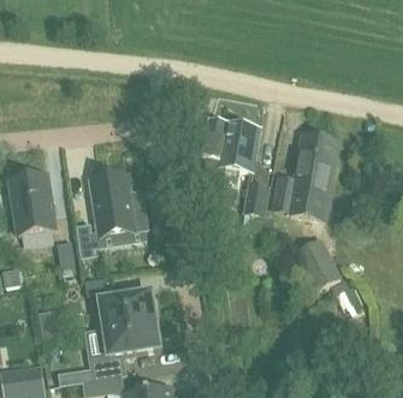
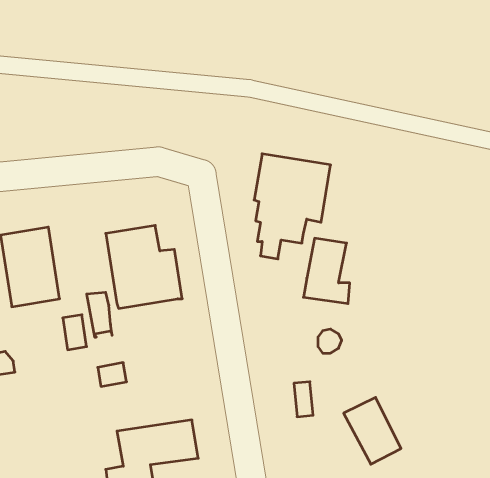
building: [272,133,337,218] -> none
building: [298,238,342,289] -> [344,397,401,464]
building: [94,290,154,327] -> none

